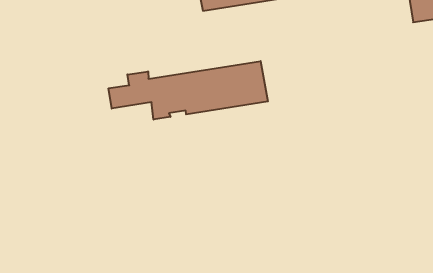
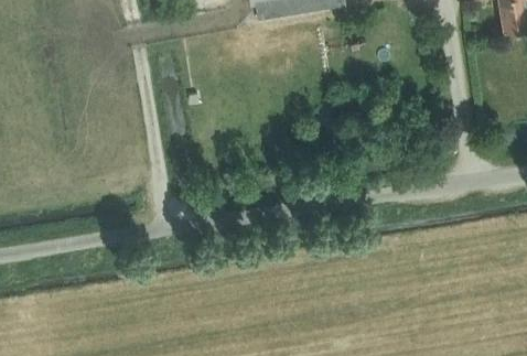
building: [109,61,268,120] -> none

